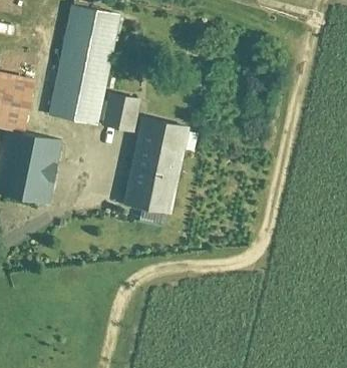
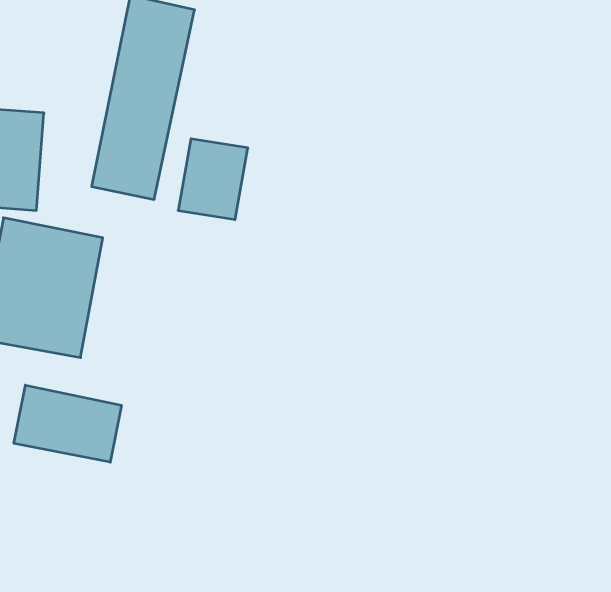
building: [123,118,190,221] -> none
building: none -> [14,385,121,462]

